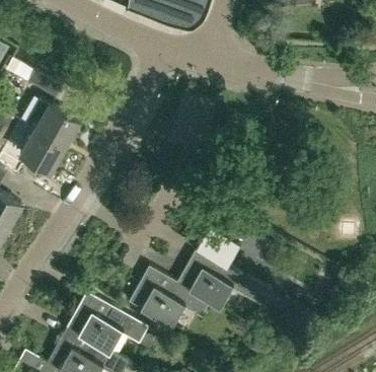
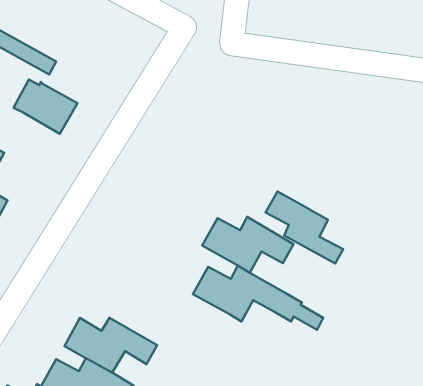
building: [19,130,64,172] -> none
building: none -> [265,191,343,264]
building: [130,280,209,327] -> none

